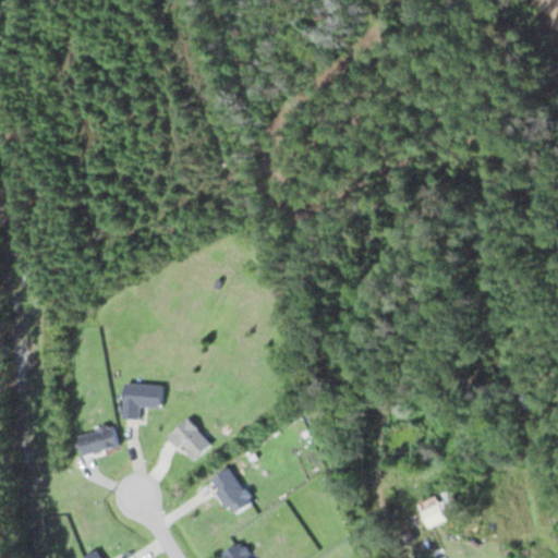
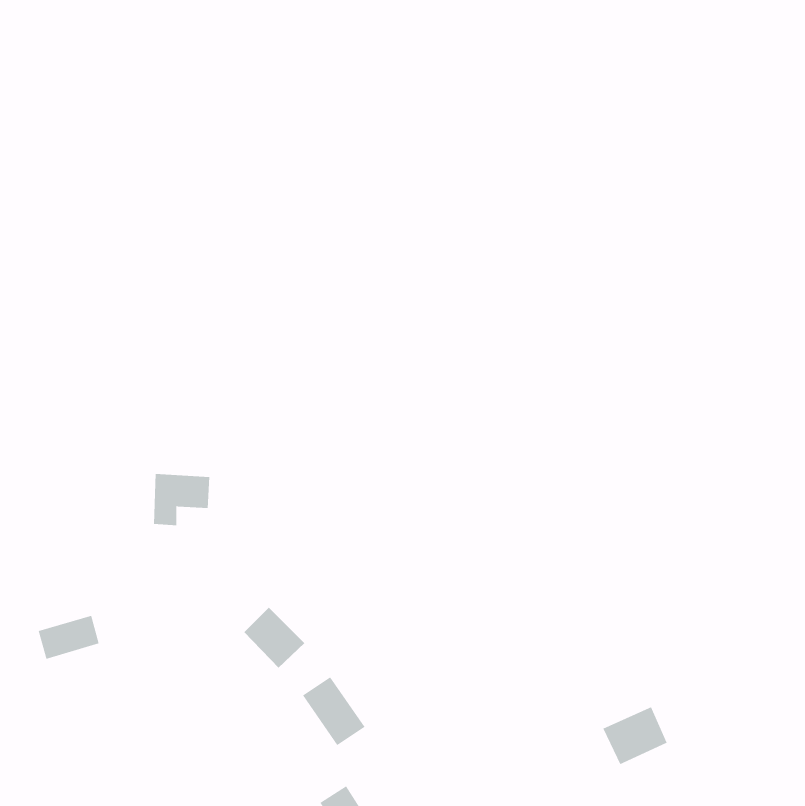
building: [122,384,161,420] -> [153,474,210,526]
building: [75,426,118,457] -> [38,615,100,659]

